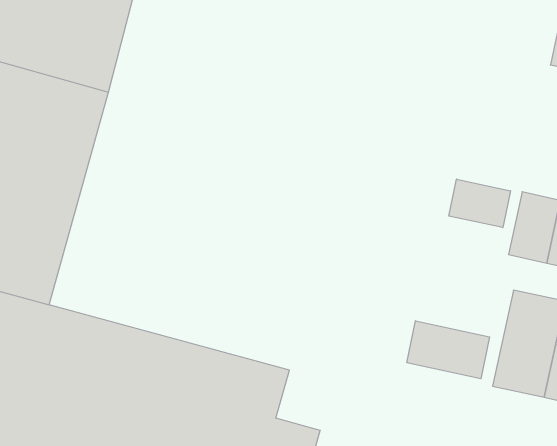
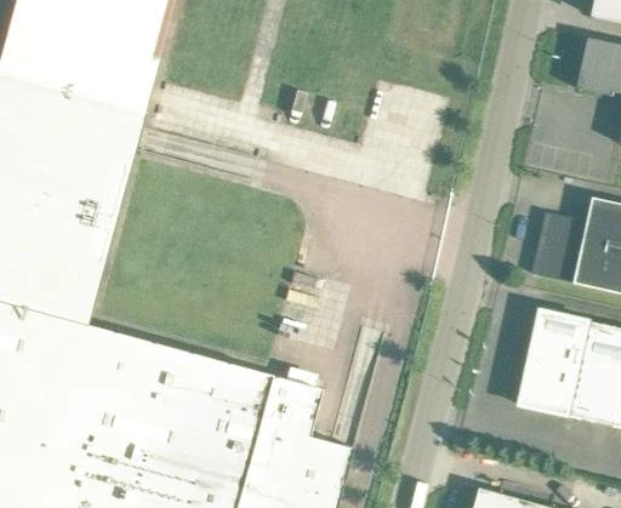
building: [449,179,510,228] -> none
building: [407,321,490,379] -> none

